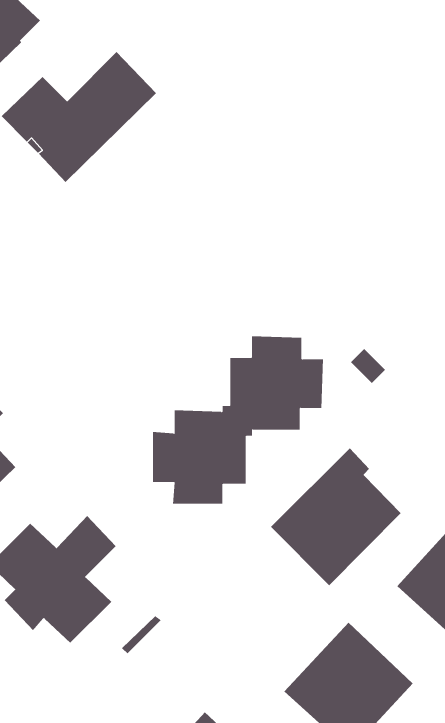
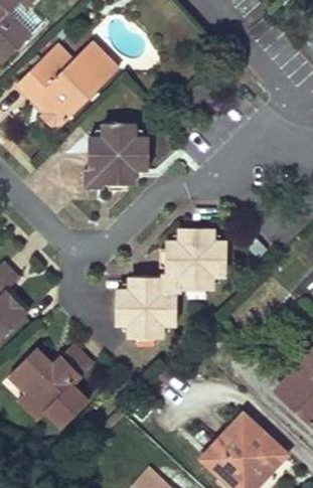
building: none -> [83,123,148,188]
building: [270,448,402,586] -> none

